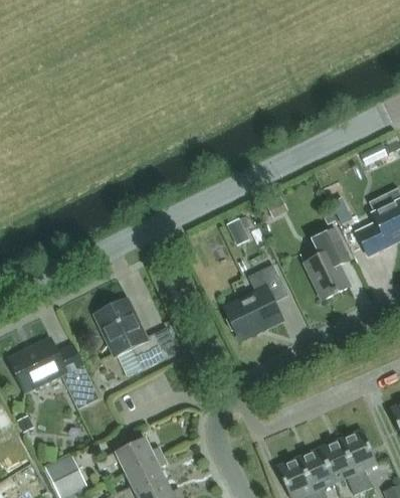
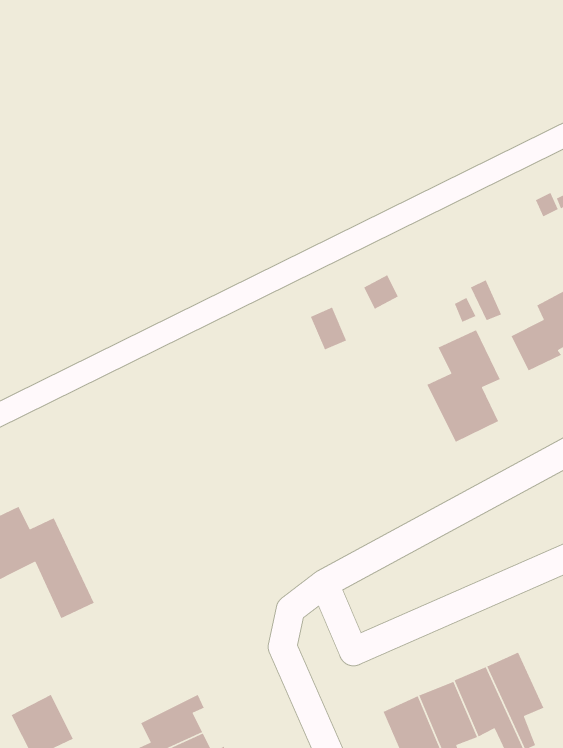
building: [225,265,288,340] -> none
building: [97,303,179,375] -> none
building: [96,439,163,474] -> none

